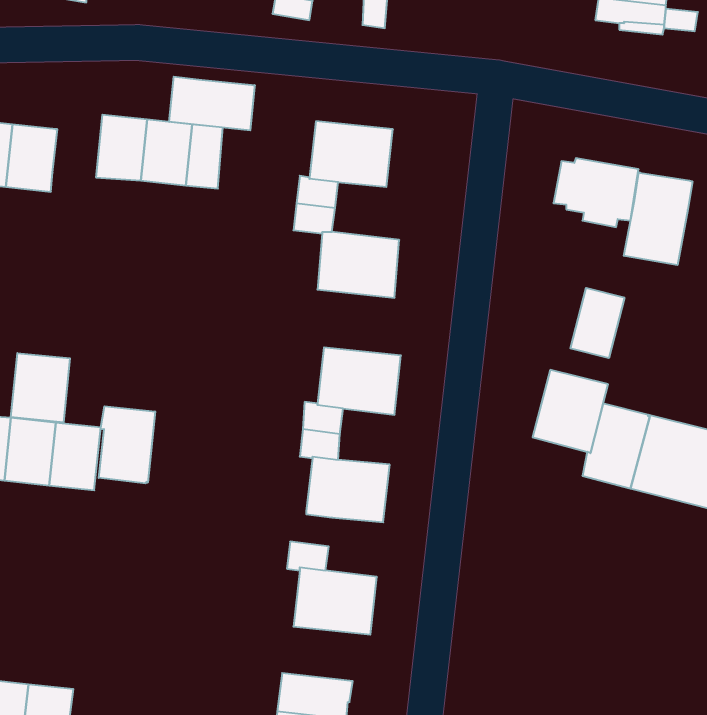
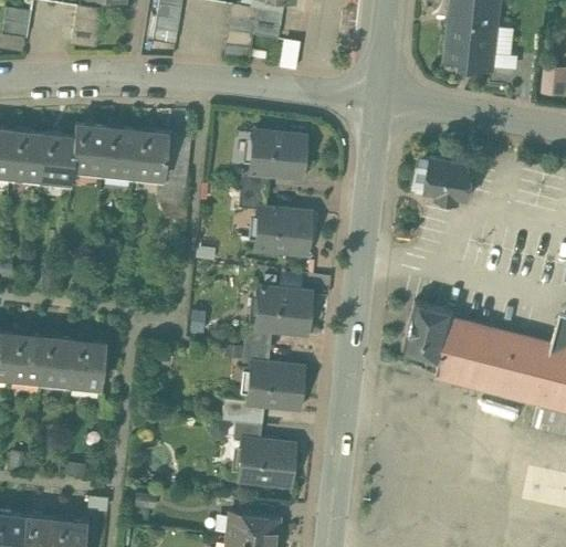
building: [169,77,255,130] -> none
building: none -> [72,125,106,171]
building: [624,172,692,265] -> none
building: [570,288,624,358] -> none
building: [11,353,70,422] -> none
building: [99,406,155,483] -> none
building: none -> [222,399,264,425]

